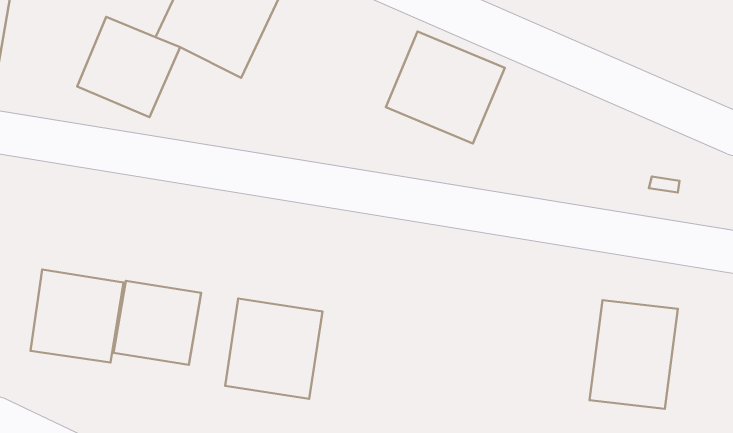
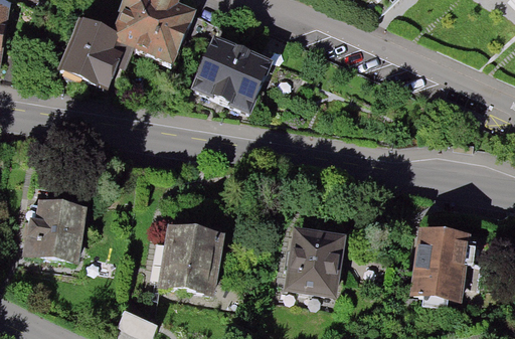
building: [386,32,505,143] -> [186,38,269,116]
building: [113,281,201,365] -> none
building: none -> [282,222,345,294]

